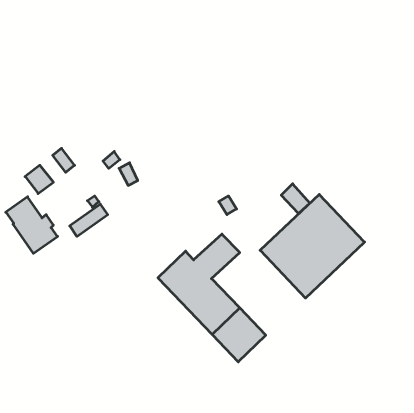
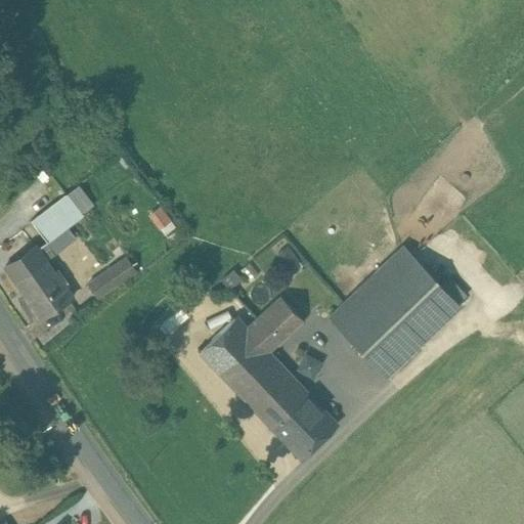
building: none -> [50,198,83,231]
building: [281,184,310,213] -> none

